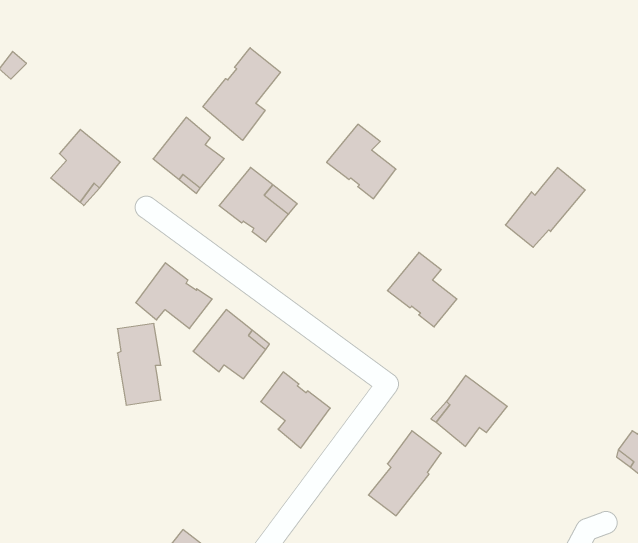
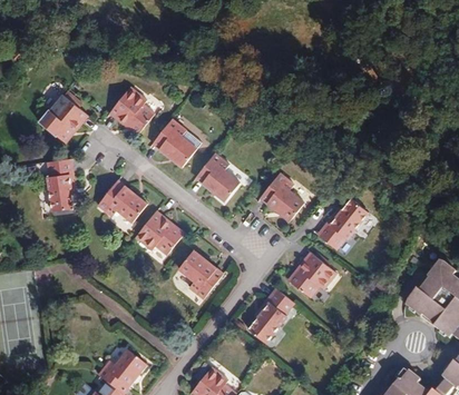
building: [203,48,280,140] -> none
building: [327,124,396,199] -> [195,152,240,200]
building: [505,168,585,247] -> [318,197,369,248]
building: [117,324,161,405] -> [47,158,75,210]

